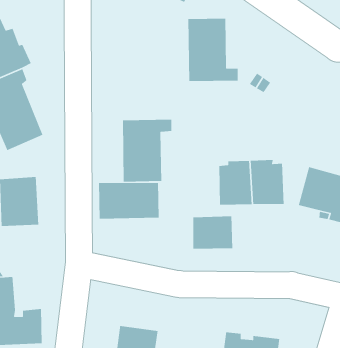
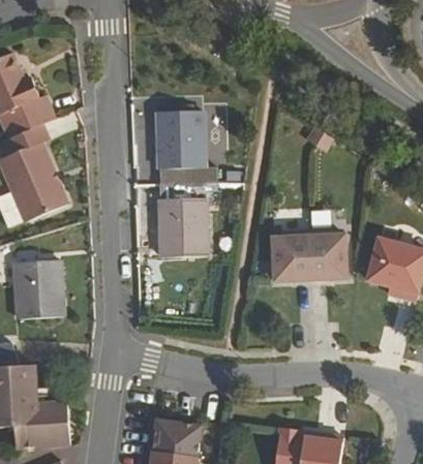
building: [188,18,239,82] -> [158,110,217,184]
building: [98,182,160,220] -> none
building: [192,215,233,250] -> none

